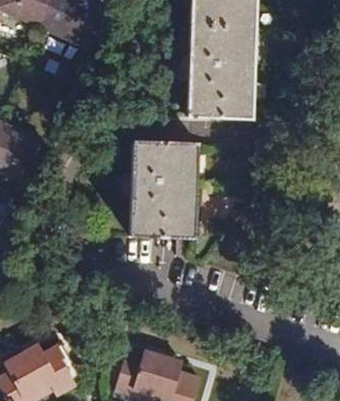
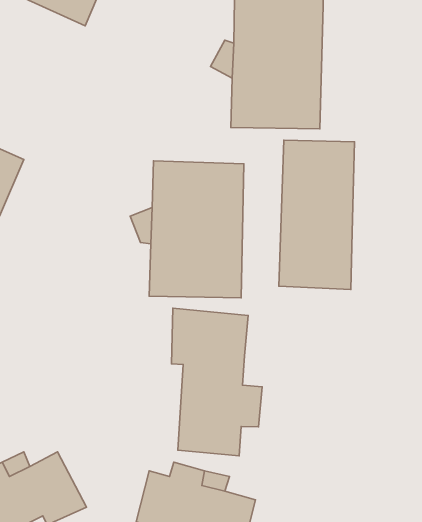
building: none -> [279,140,354,289]
building: none -> [171,308,262,456]

